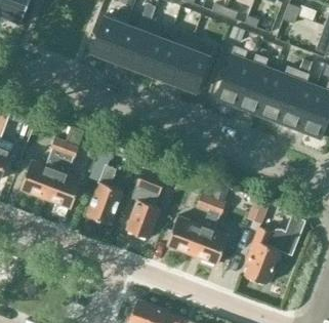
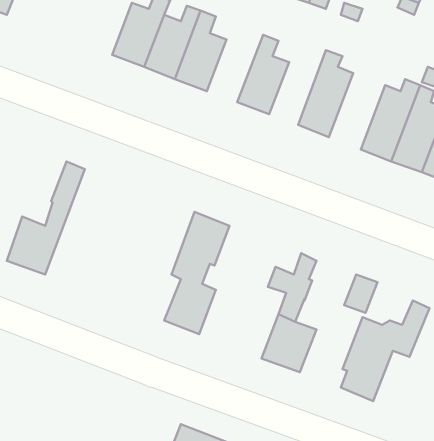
building: [155,26,196,83] -> none
building: [237,56,275,115] -> none
building: [46,128,84,209] -> none
building: [87,142,124,225] -> none
building: [167,216,203,255] -> none

